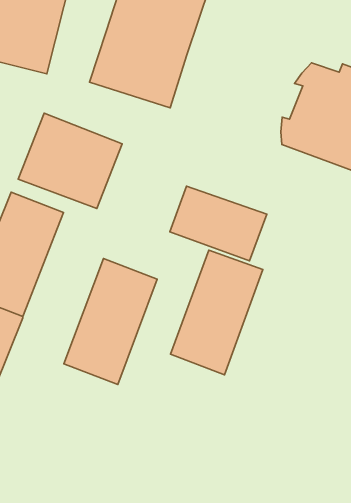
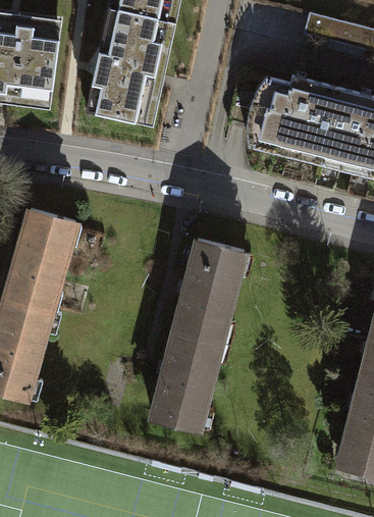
building: [18,113,122,208] -> none
building: [170,186,267,261] -> none
building: [64,259,157,385] -> [152,328,221,430]

